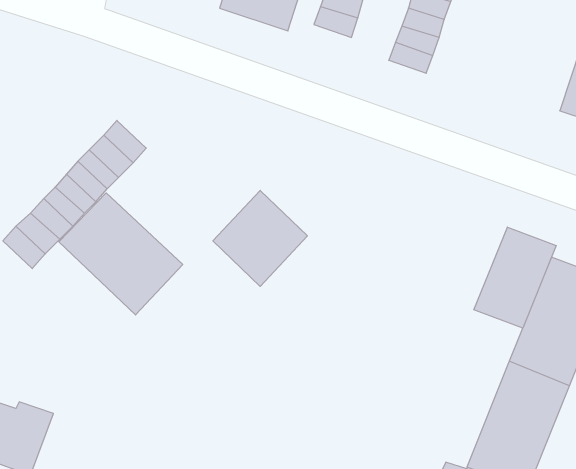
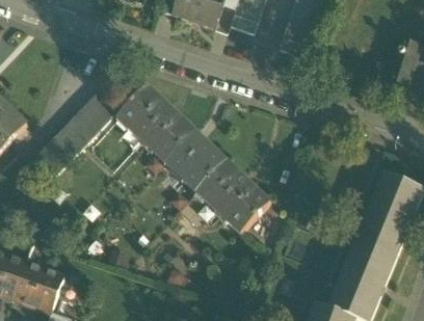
building: [59,193,183,315] -> [117,85,196,163]
building: [474,227,556,328] -> none
building: none -> [196,160,270,234]

